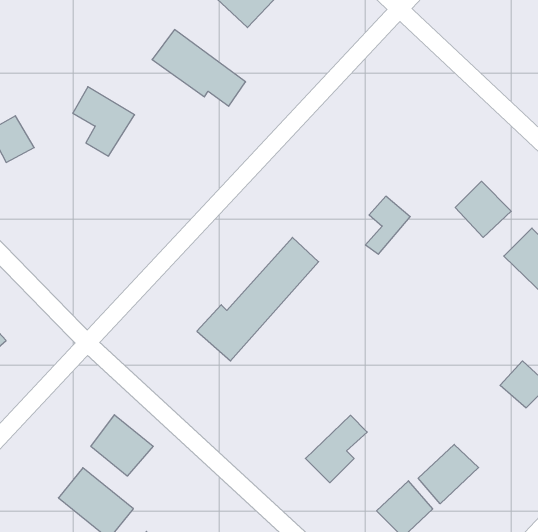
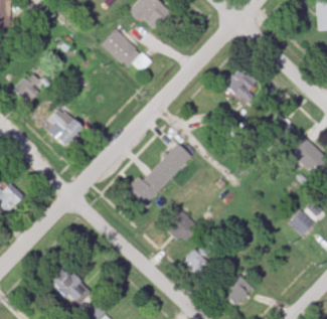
building: [73,87,135,156] -> [49,108,83,145]
building: none -> [224,64,260,101]
building: none -> [164,207,198,242]
building: [91,415,153,476] -> none
building: [418,444,479,504] -> none

